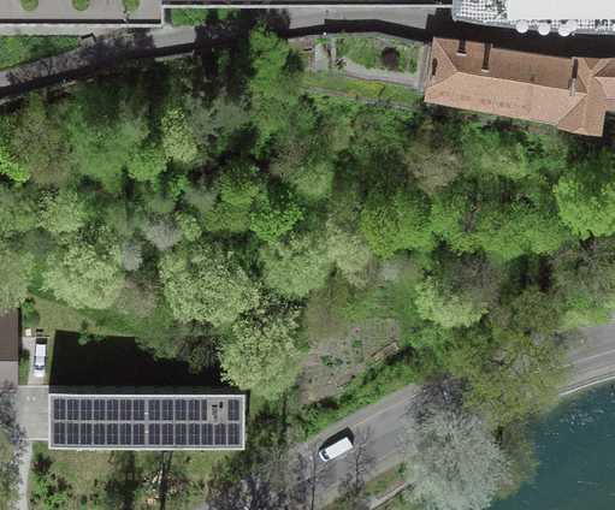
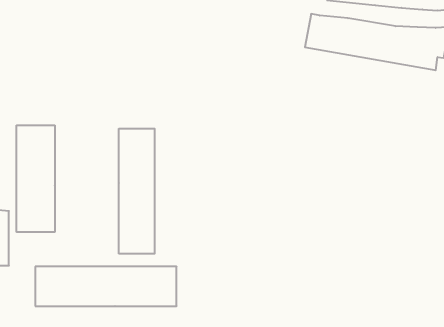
building: none -> [17,125,55,232]
building: none -> [119,129,155,254]

